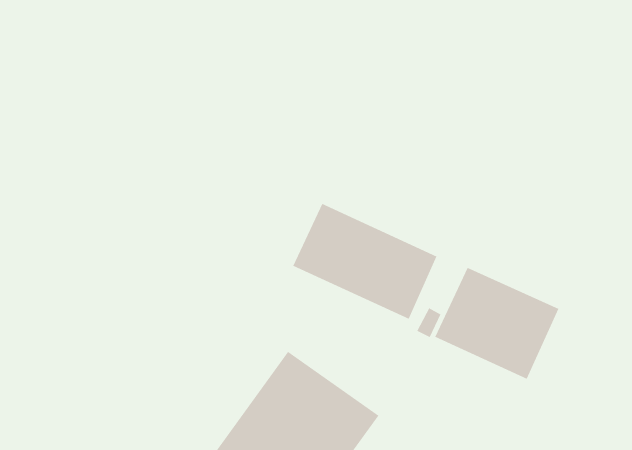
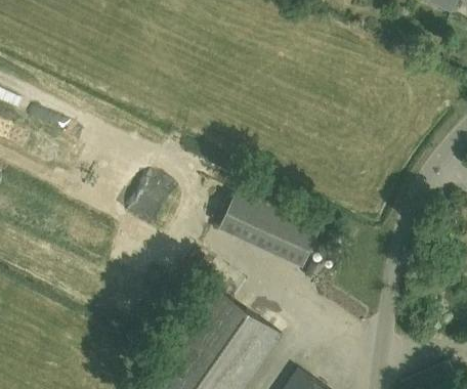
building: [434,267,559,380] -> none

